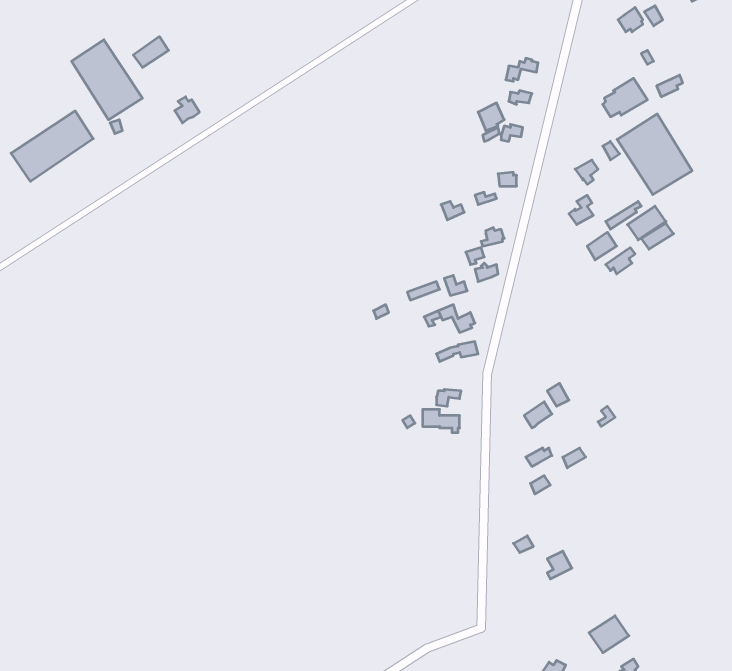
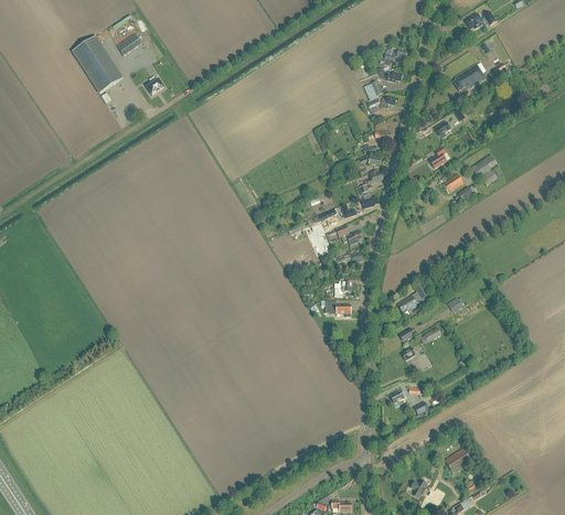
building: [11,111,93,181] -> none
building: [617,114,692,195] -> none

